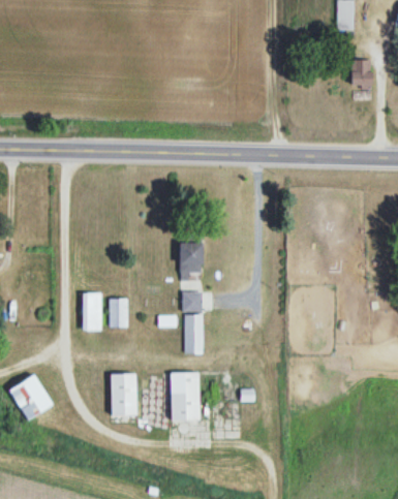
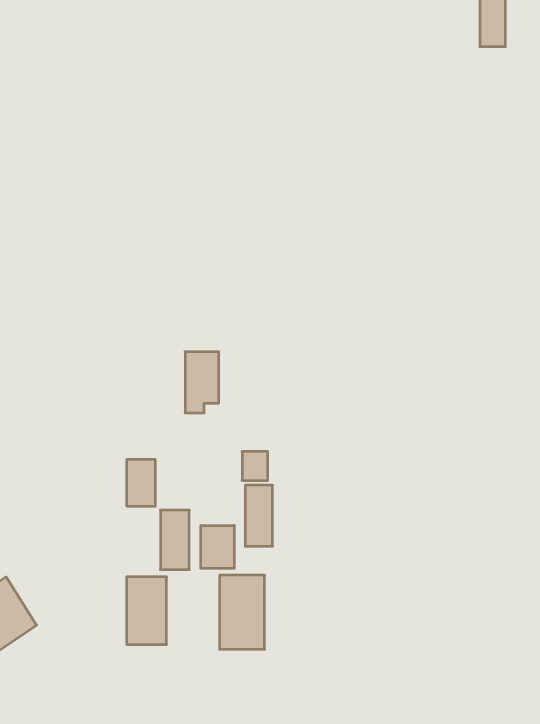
building: [350,61,371,89] -> none
building: [179,241,201,280] -> [185,352,219,413]
building: [84,292,102,331] -> [160,510,189,570]
building: none -> [201,525,234,568]

